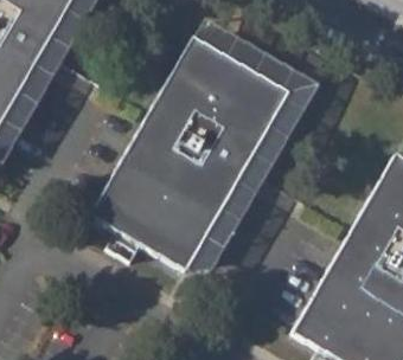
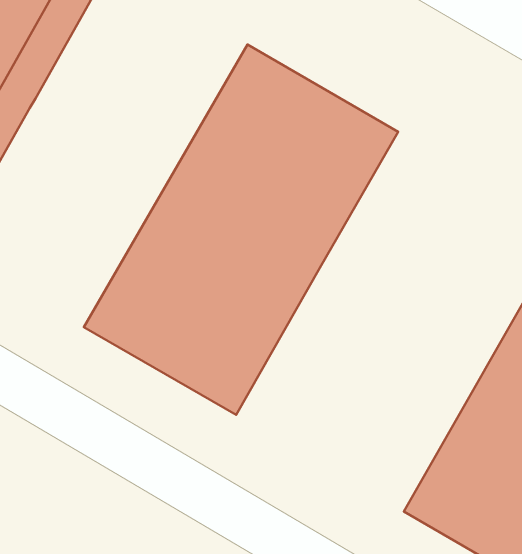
building: [186,15,320,281] -> none

